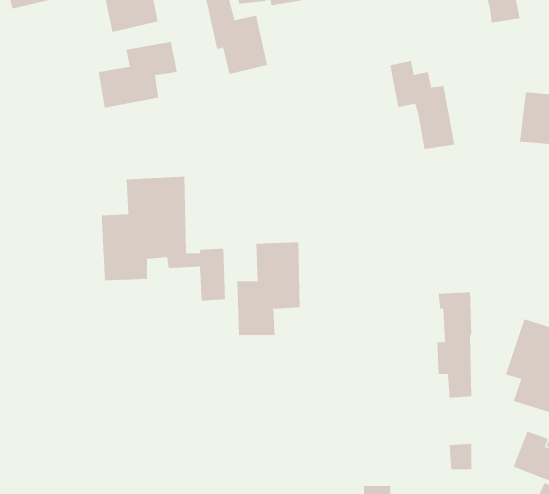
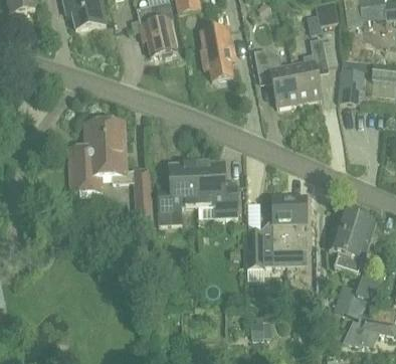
building: none -> [200,26,235,79]
building: [98,41,178,108] -> none
building: none -> [289,37,328,102]
building: none -> [196,163,237,218]
building: none -> [245,197,292,280]

